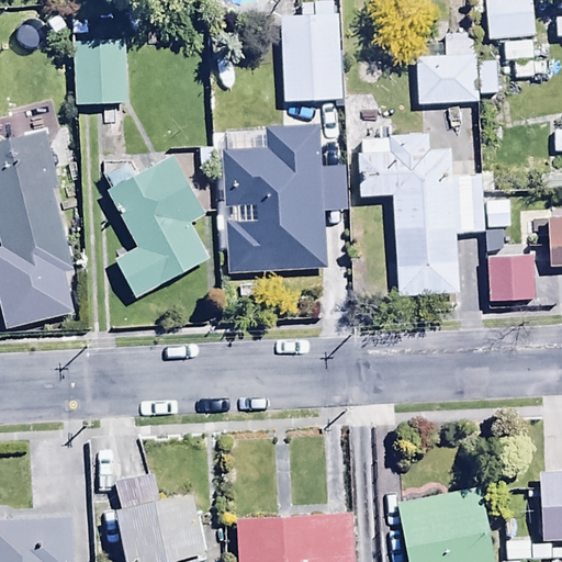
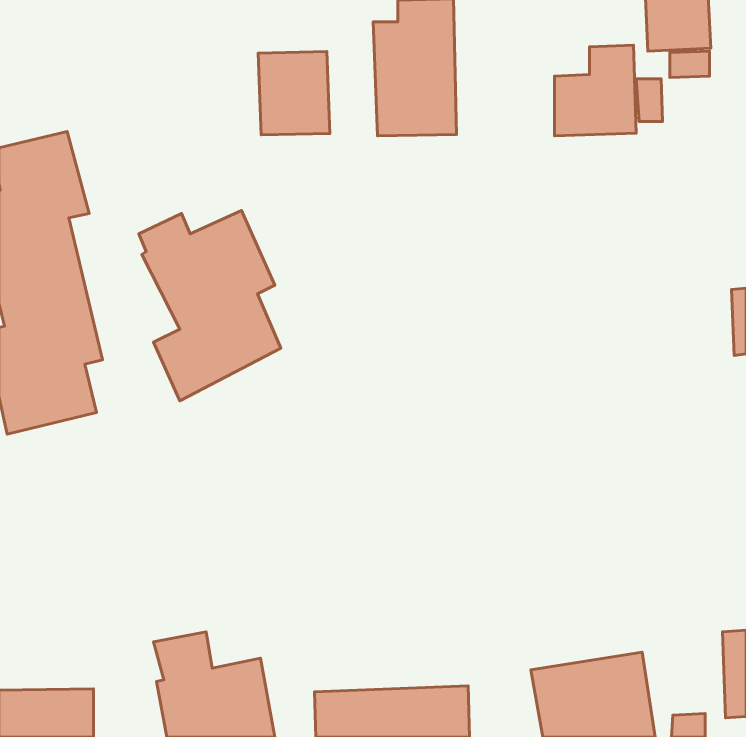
building: [75,41,128,103] -> [258,52,330,135]
building: [227,128,344,276] -> none
building: [358,134,483,297] -> none
building: [487,259,533,302] -> none

